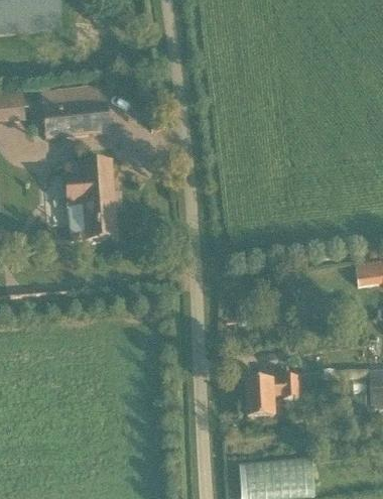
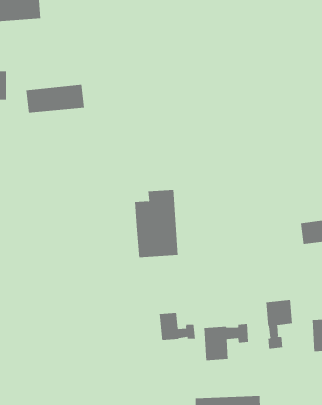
building: [67,161,117,239] -> [134,189,179,258]
building: none -> [266,299,292,350]
building: none -> [159,312,195,341]

